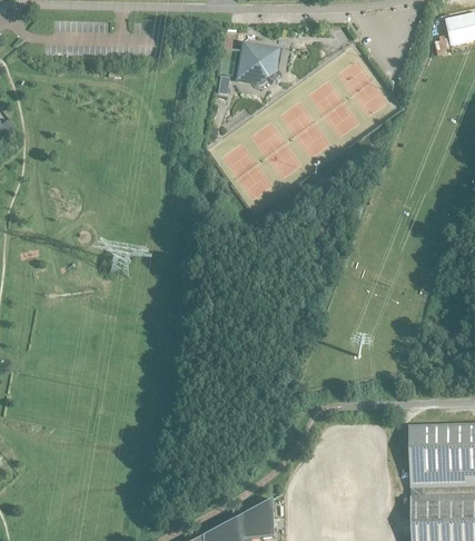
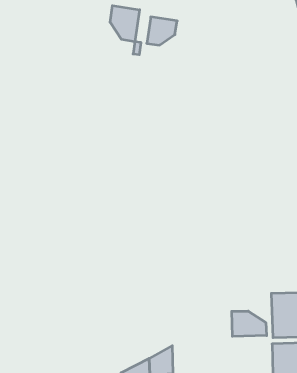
building: none -> [110,6,140,42]
building: none -> [232,311,267,336]

